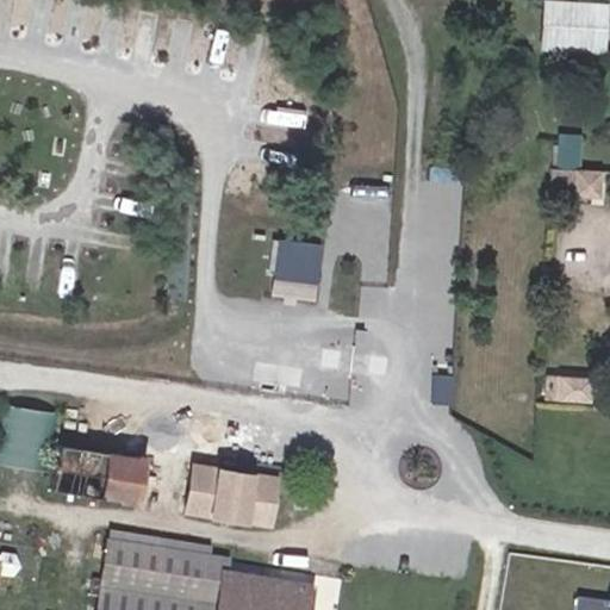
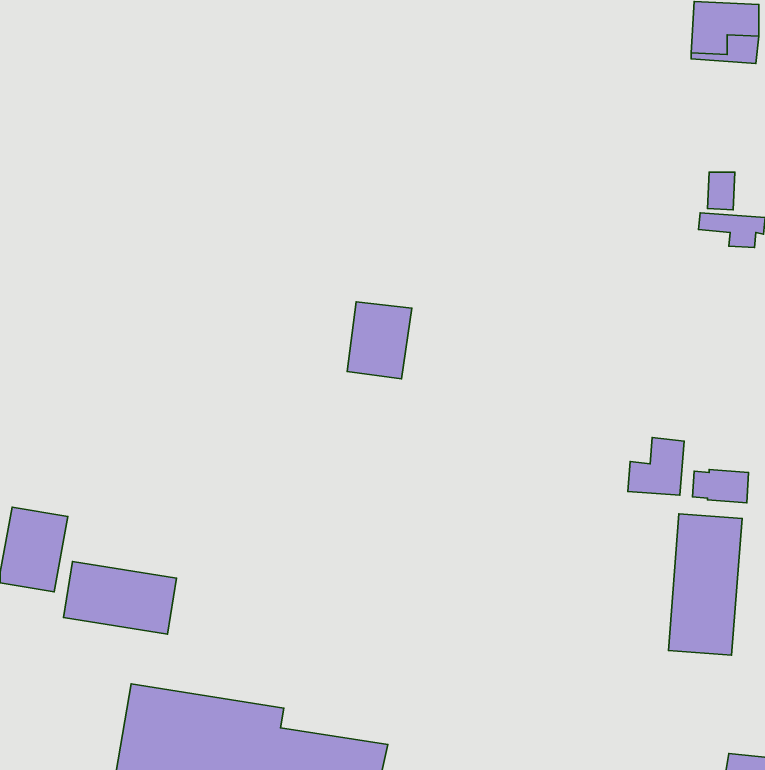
building: none -> [628,438,684,495]
building: none -> [669,514,742,655]
building: [191,467,279,522] -> none

